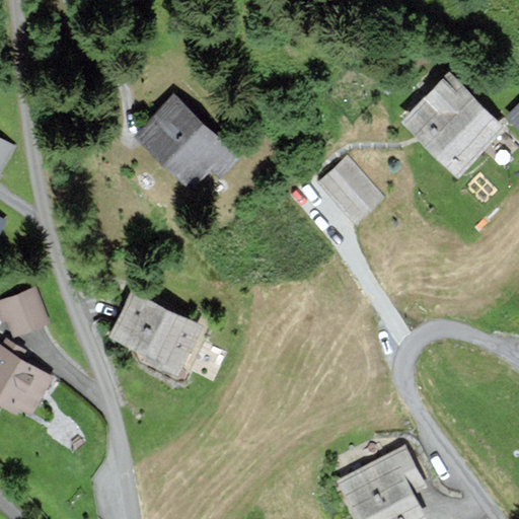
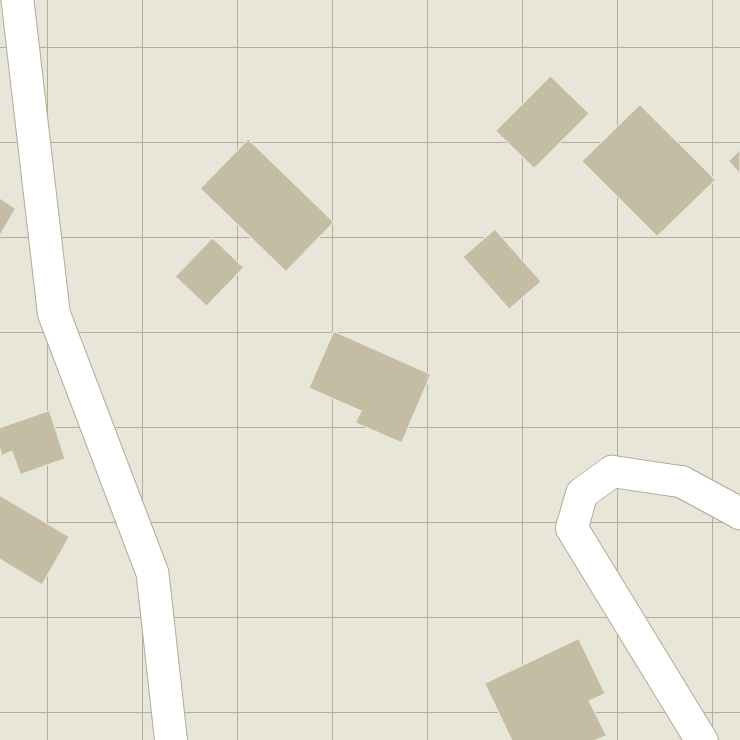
building: none -> [496,76,589,169]
building: none -> [175,238,244,306]
building: [116,294,201,372] -> [309,331,431,443]

